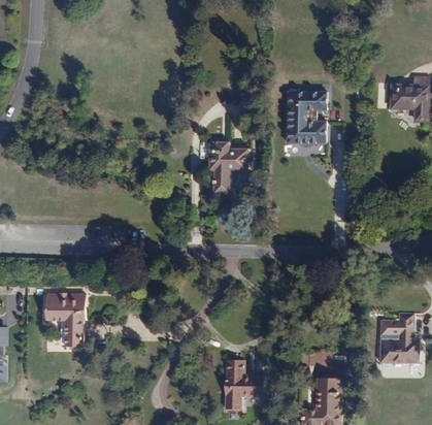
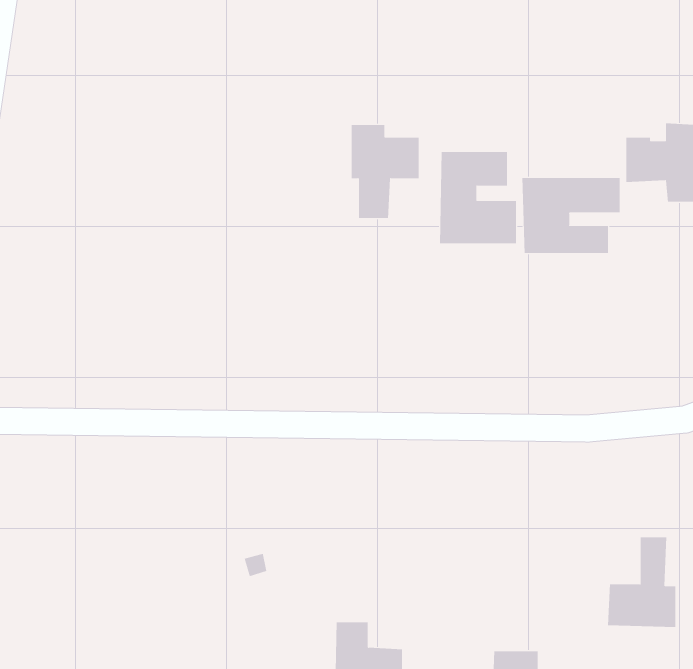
building: none -> [522,177,620,254]
building: [209,141,248,195] -> [351,124,420,219]
building: [45,294,85,346] -> none

